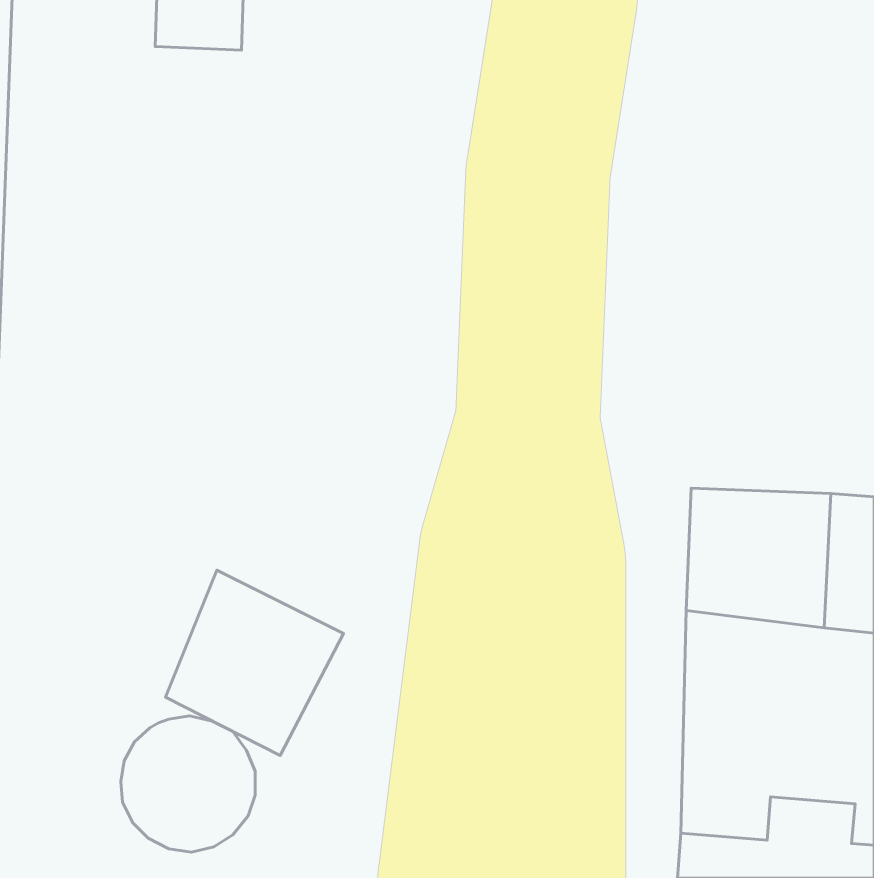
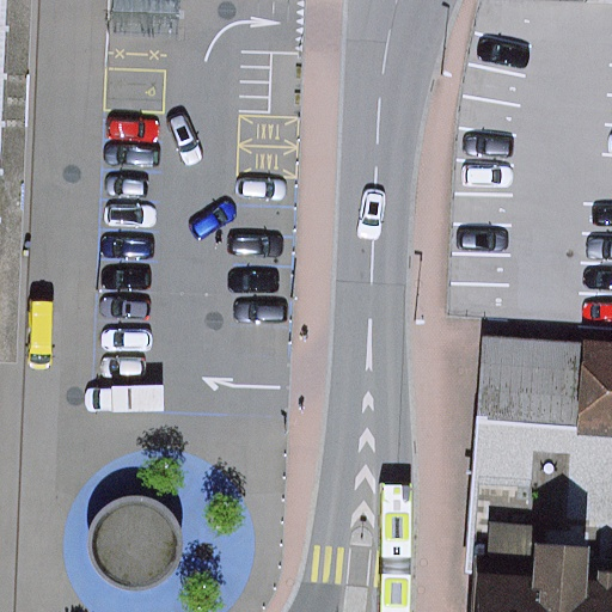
building: [165,570,344,756] -> none

